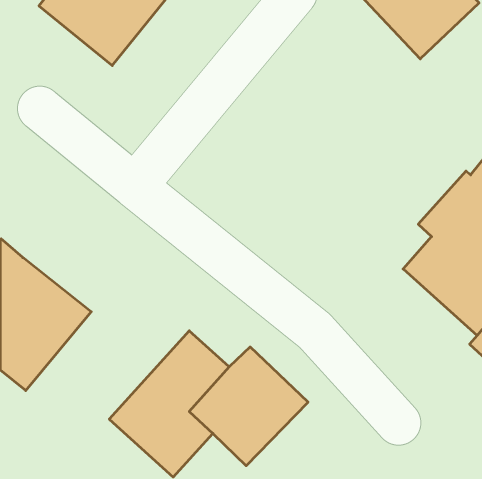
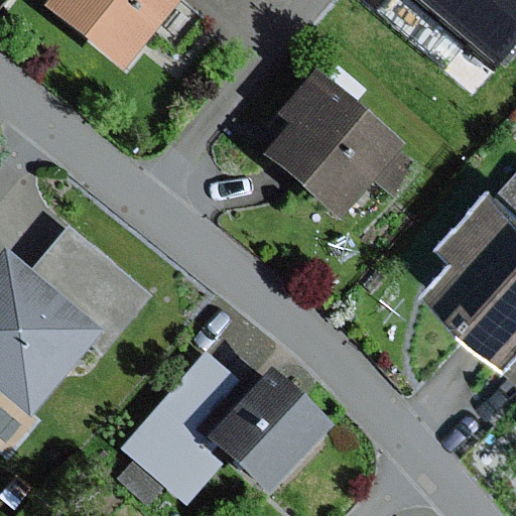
building: none -> [264,68,405,220]
building: none -> [28,223,152,340]

